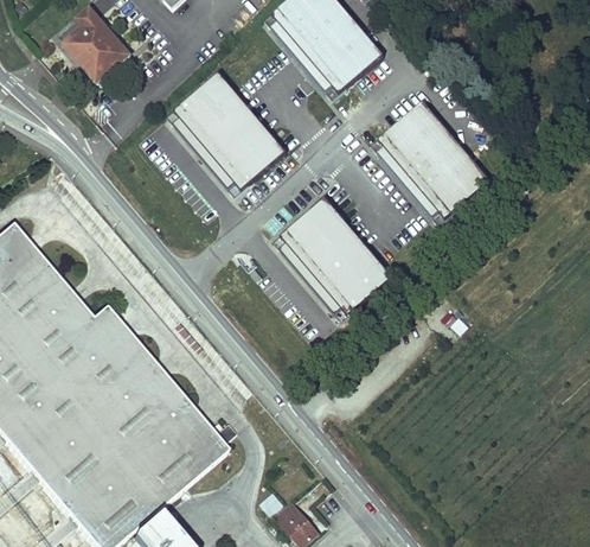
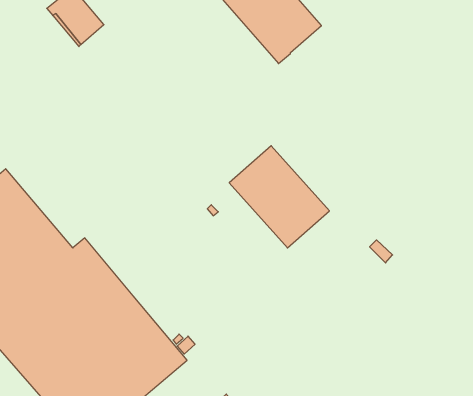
building: [171,74,287,192] -> none
building: [373,100,493,223] -> none

